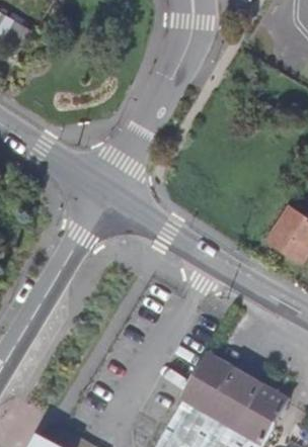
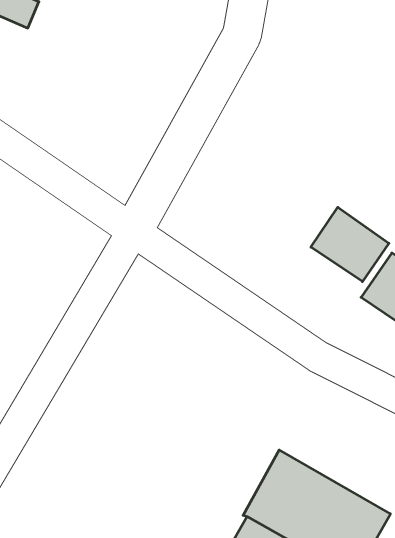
building: none -> [311,207,389,282]

